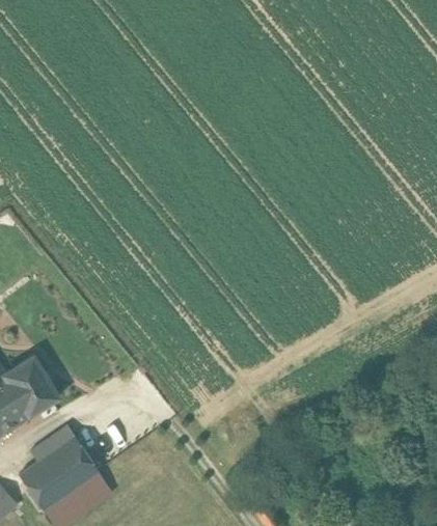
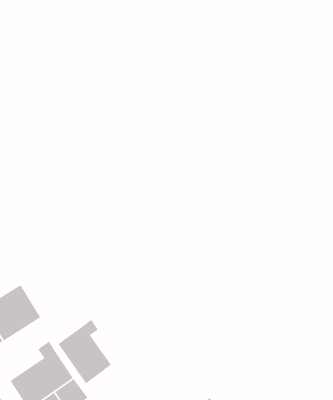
building: none -> [58,319,112,384]

